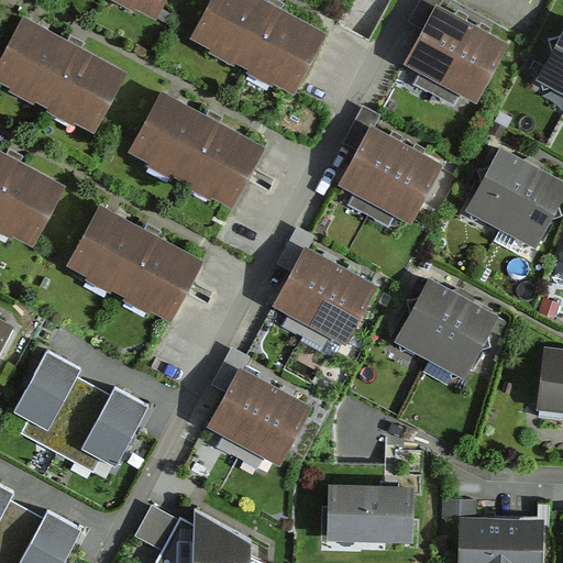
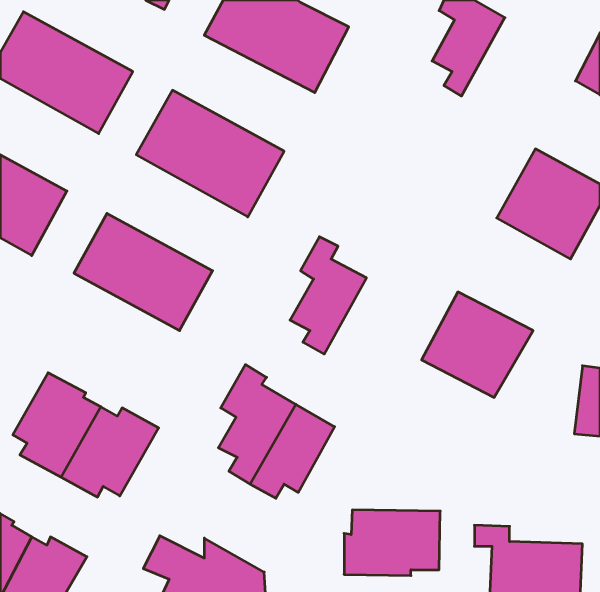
building: [432,23,509,108] -> none
building: [339,110,440,230] -> none
building: [303,267,376,350] -> none

